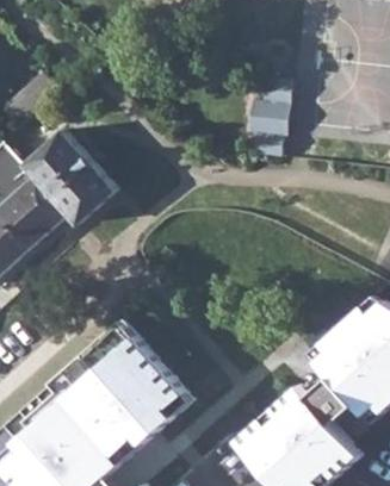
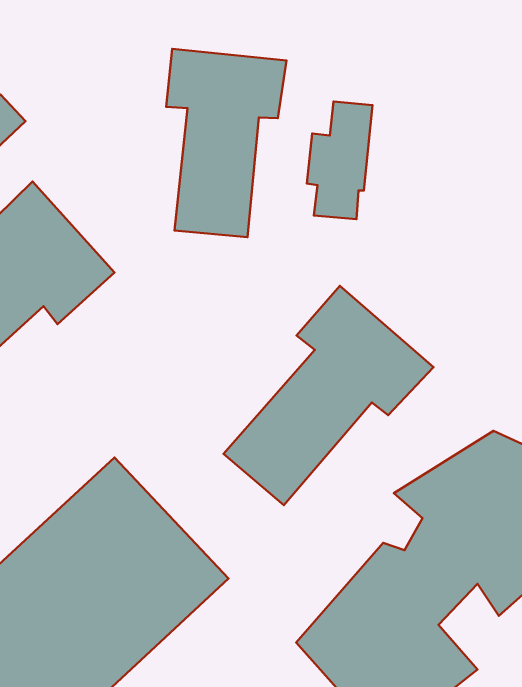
building: none -> [166,49,286,237]
building: none -> [223,286,434,505]

